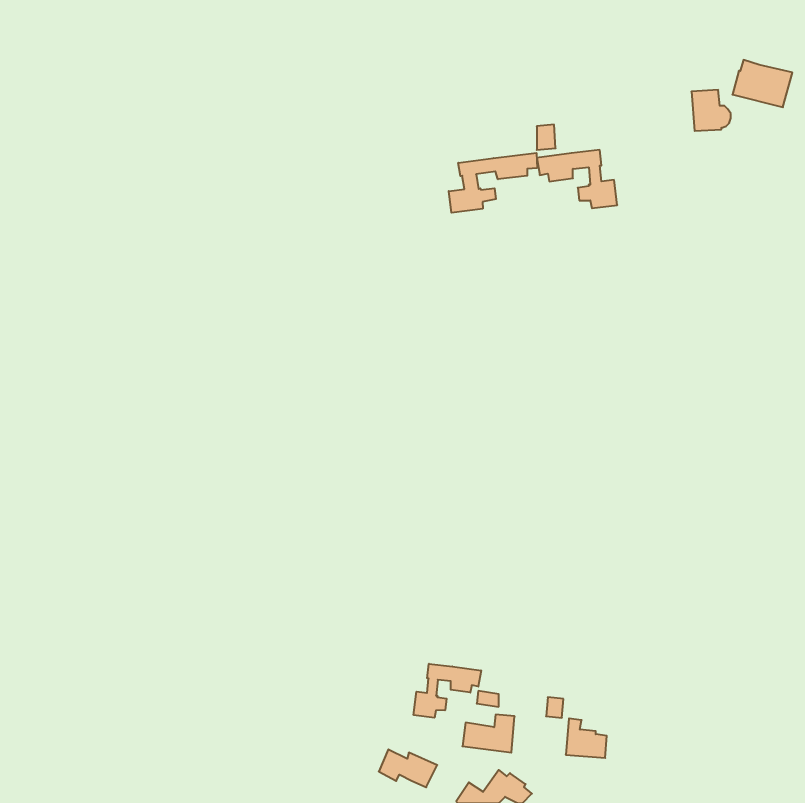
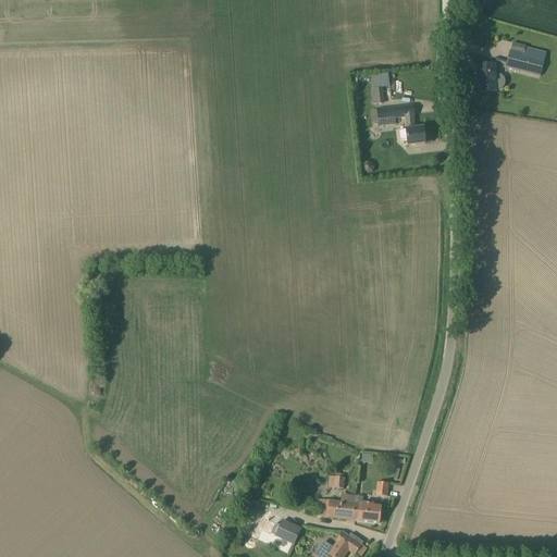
building: [449,153,537,213] -> none
building: [414,664,481,718] -> none
building: [566,718,607,758] -> [354,494,382,521]

